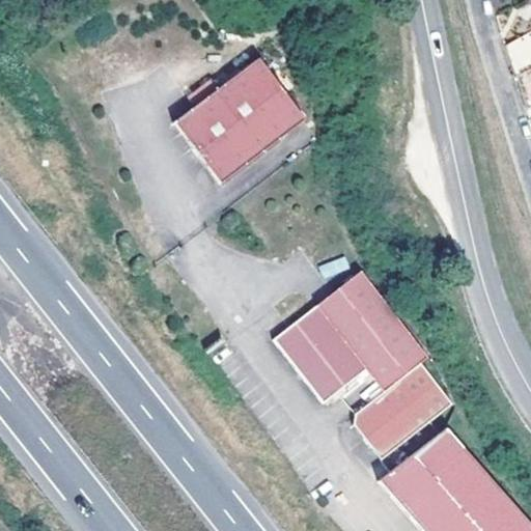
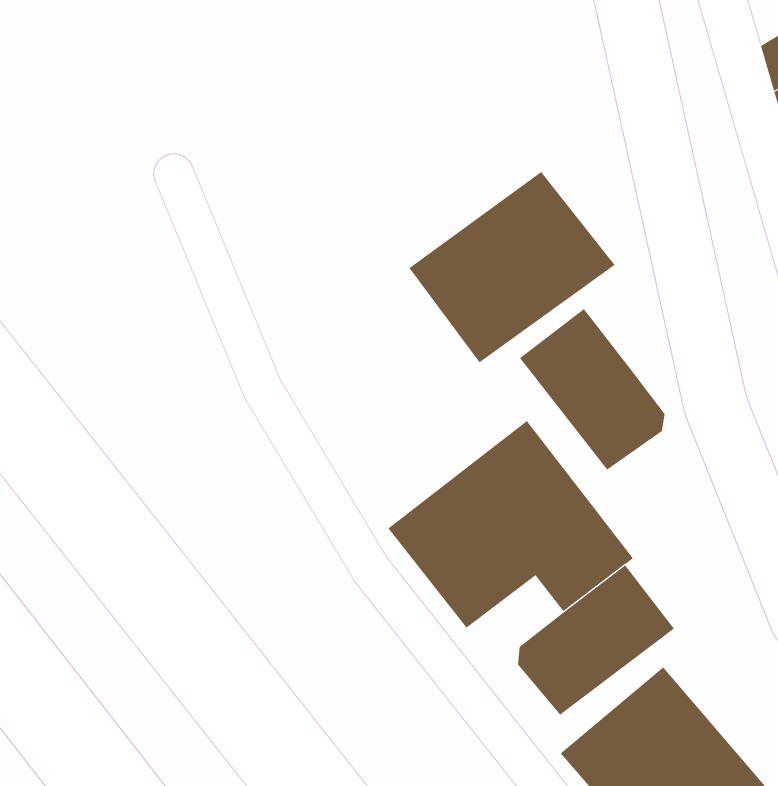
building: [174,64,305,186] -> [408,171,615,363]
building: none -> [519,308,665,470]

